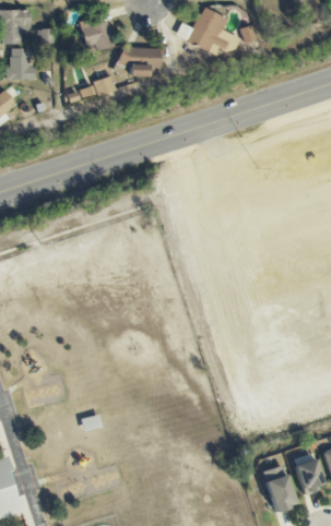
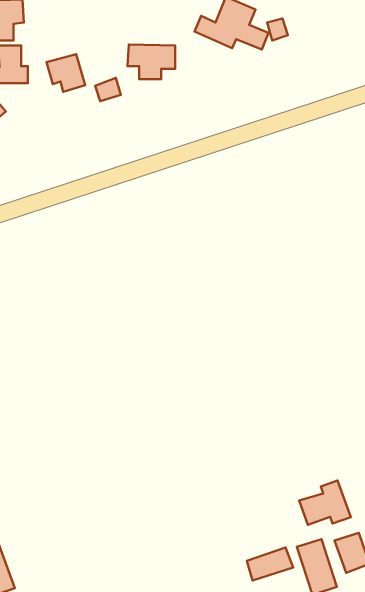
building: [81,20,114,51] -> [46,54,85,92]
building: none -> [299,481,351,525]
building: none -> [247,548,293,581]

